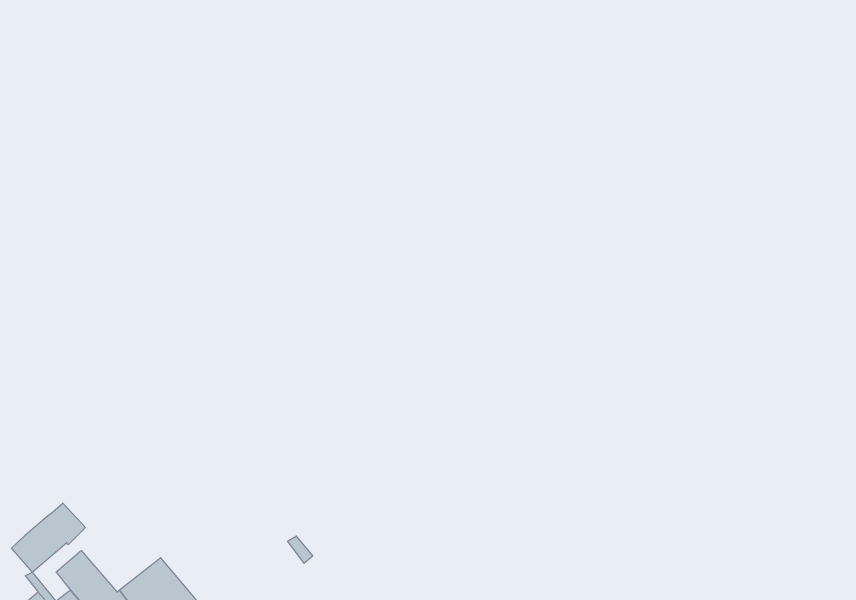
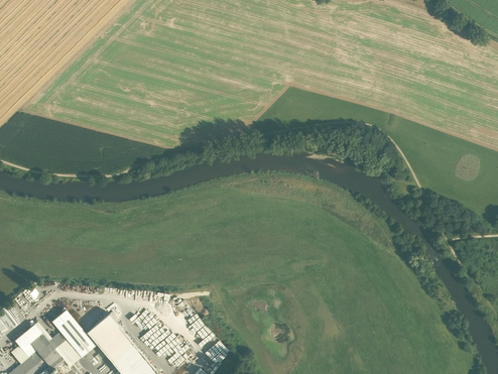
building: [12,503,85,572] -> none

